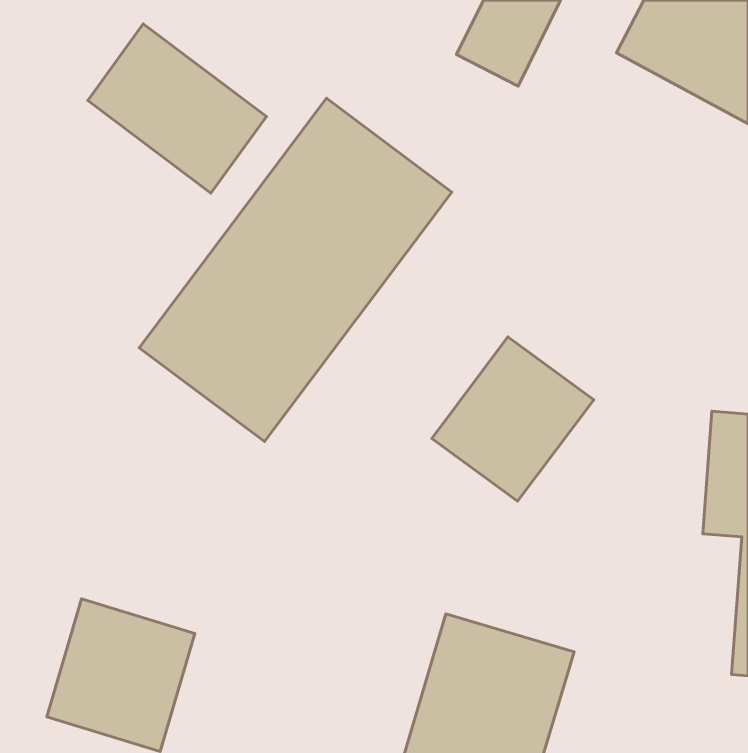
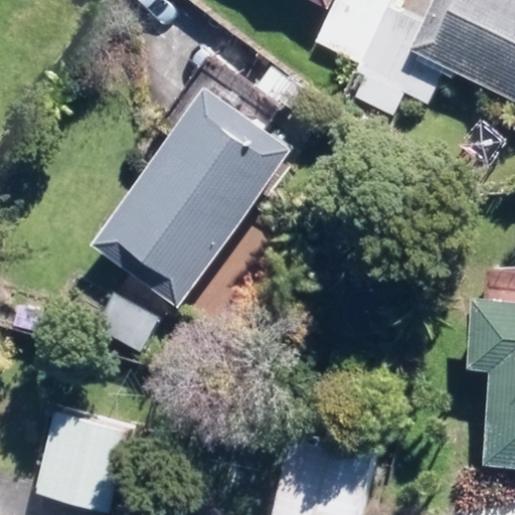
building: [88,24,266,193] -> none
building: [432,337,594,501] -> none

